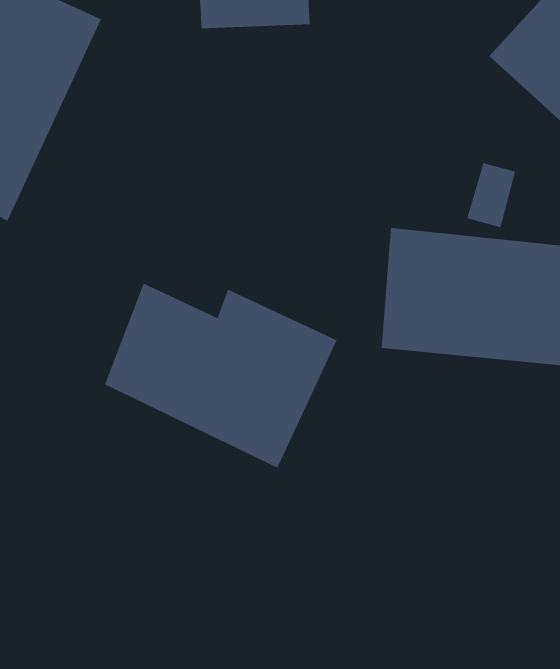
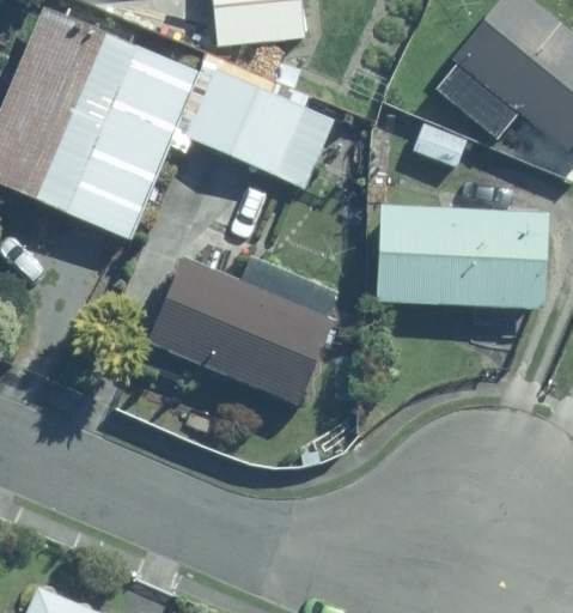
building: none -> [66,44,196,242]
building: none -> [184,67,334,188]

